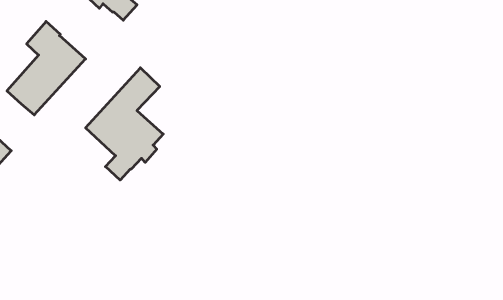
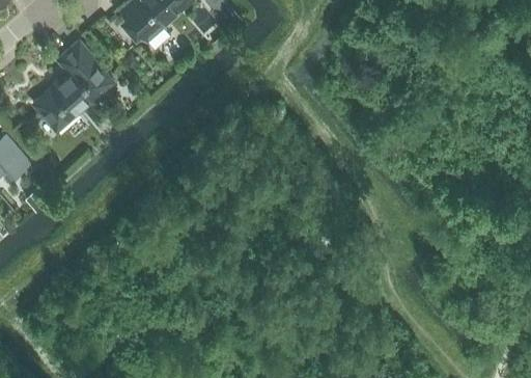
building: [86,68,163,180] -> none

